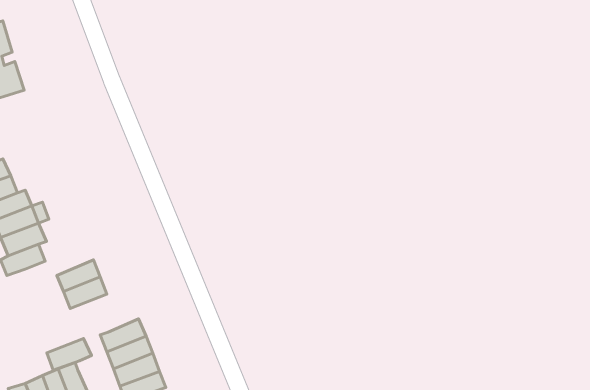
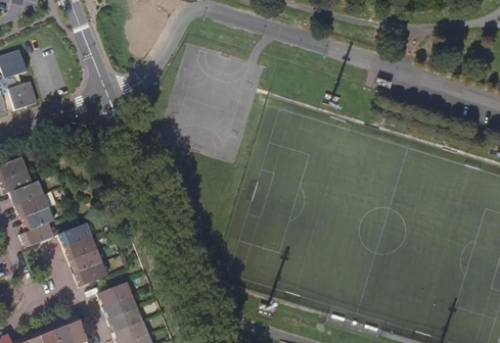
building: none -> [57,224,92,248]
building: [47,339,91,370] -> [74,262,108,287]

